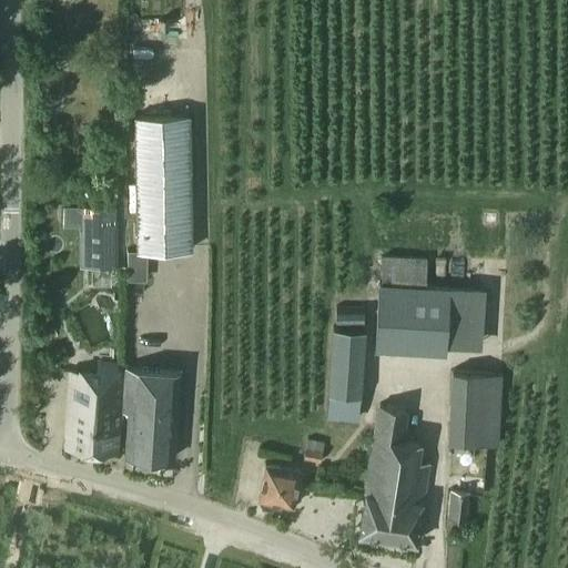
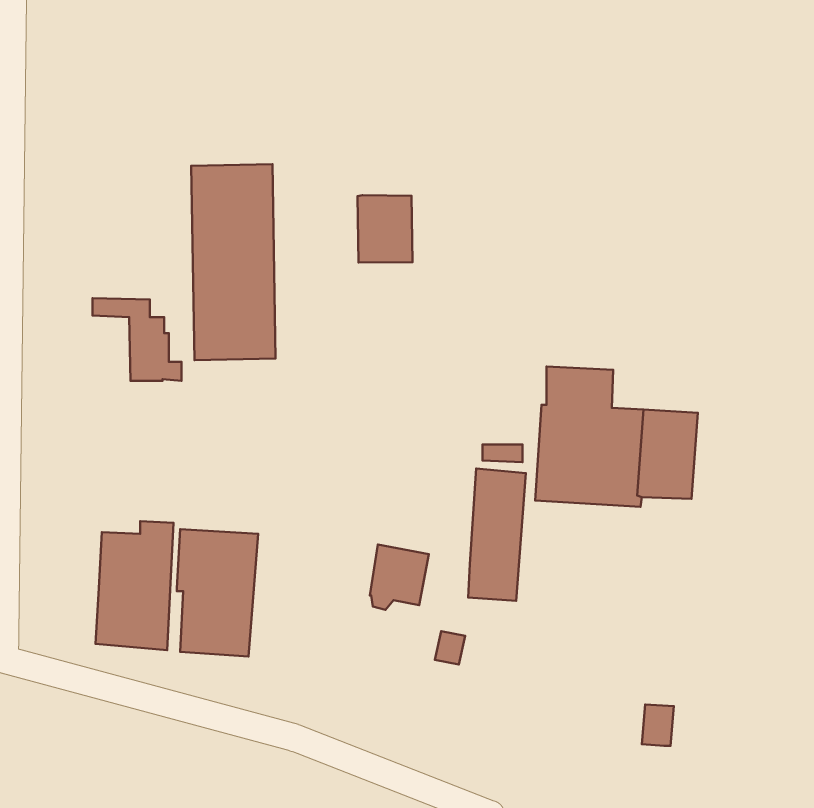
building: none -> [358,195,413,262]
building: [447,376,501,449] -> none
building: [358,410,428,547] -> none
building: [258,467,300,513] -> [370,544,429,610]

